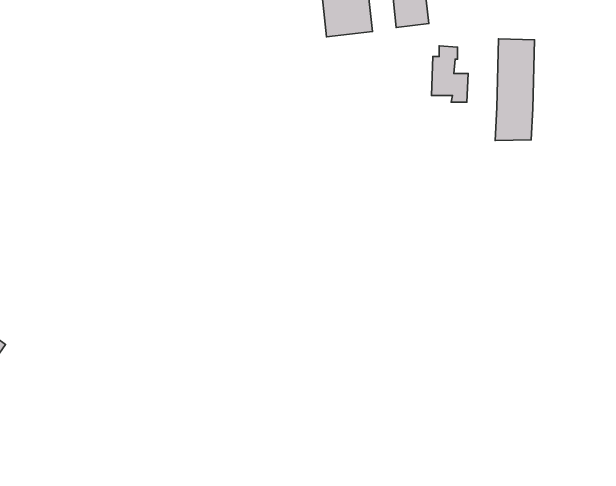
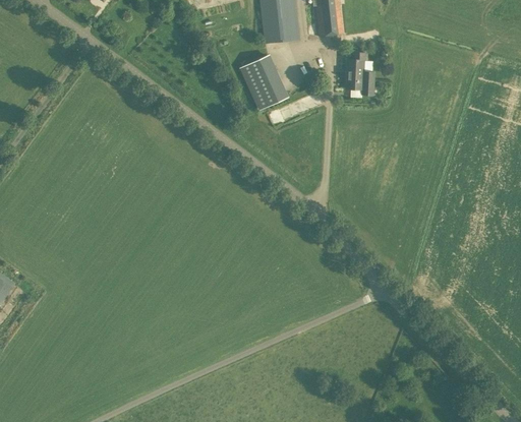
building: [495,39,535,140] -> none
building: none -> [240,53,288,109]

